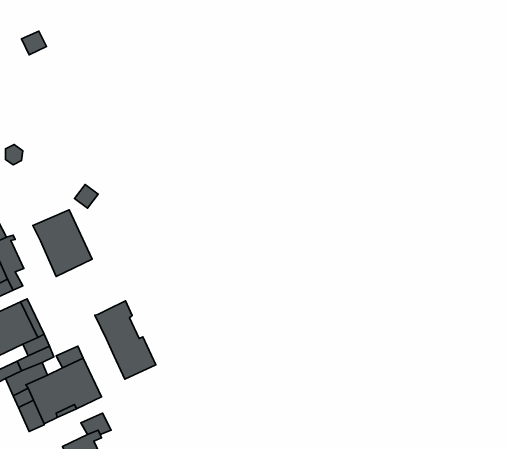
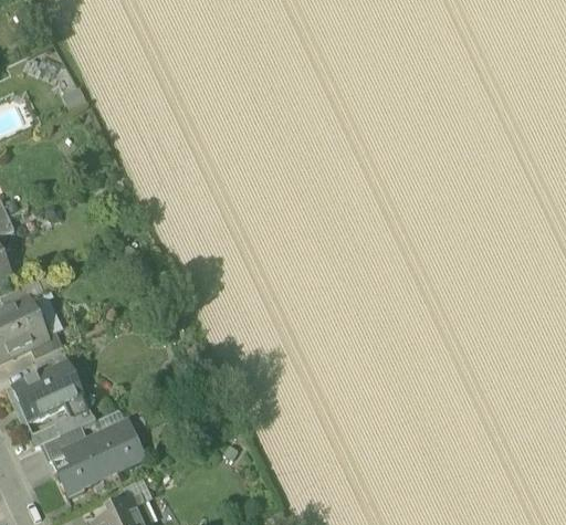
building: [33,210,92,276] -> none
building: [95,301,156,379] -> none

